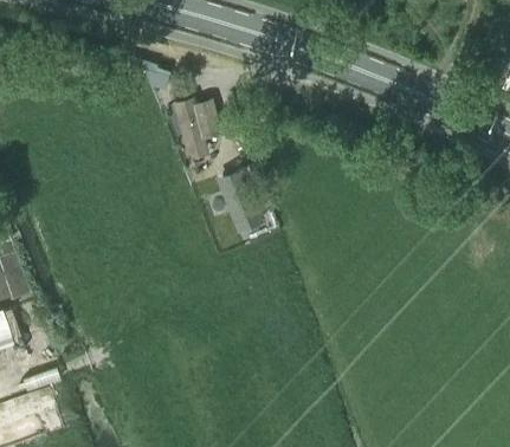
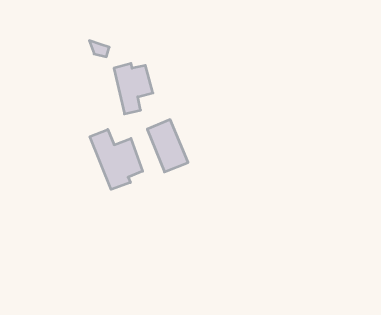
building: none -> [90,129,143,189]

